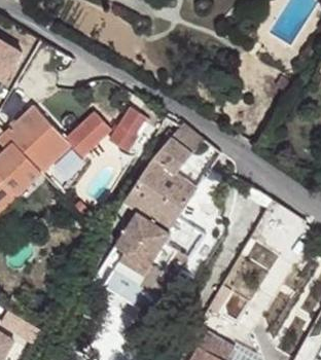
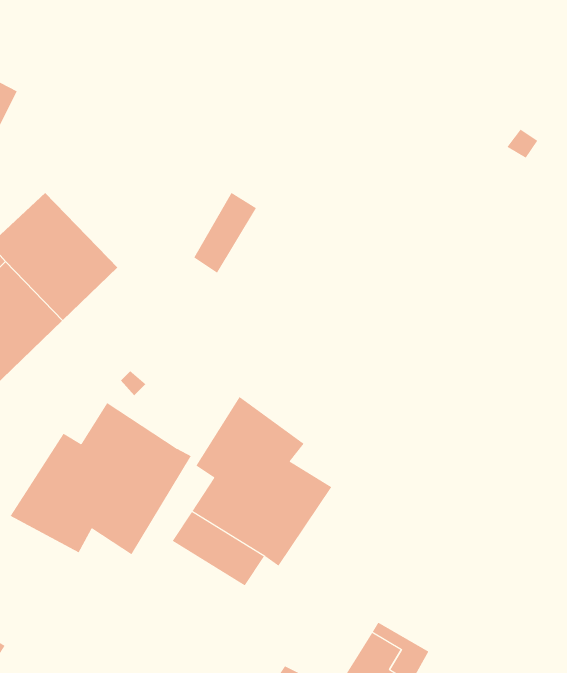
building: [66,110,111,155] -> none
building: [124,127,208,235] -> none
building: none -> [10,402,192,555]

